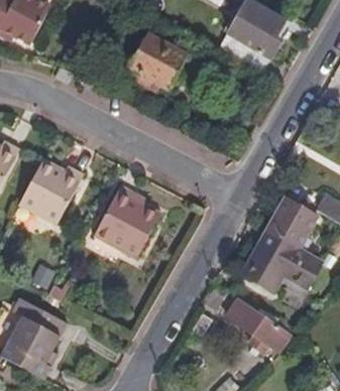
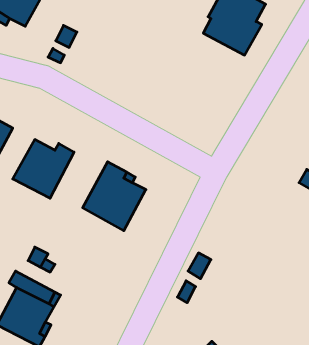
building: [130,35,184,88] -> none
building: [247,196,323,288] -> none
building: [228,298,285,353] -> none

